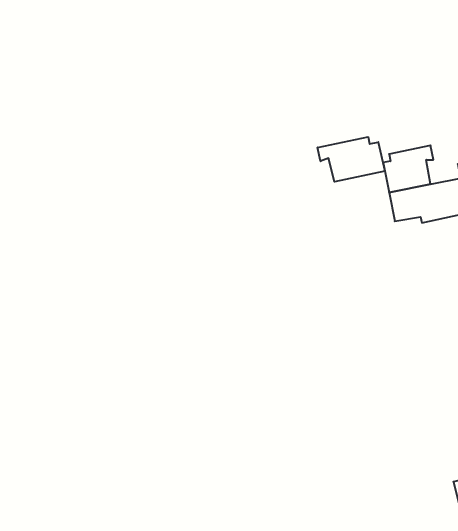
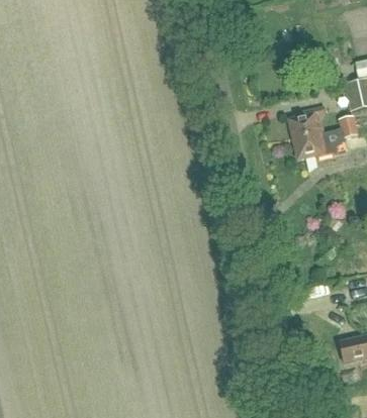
building: [318,137,385,182] -> none

